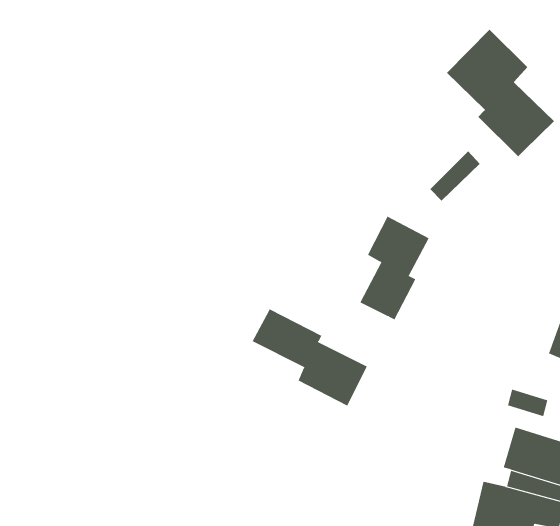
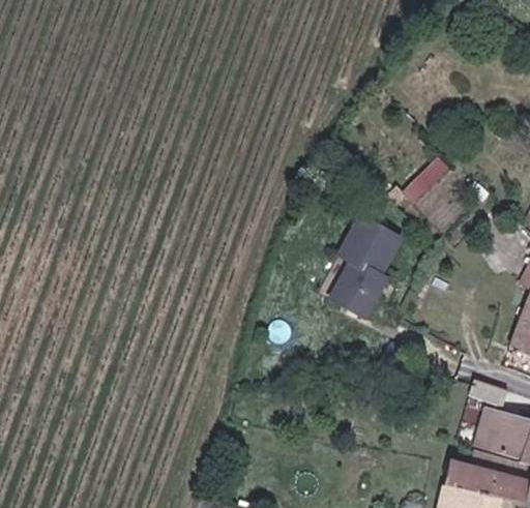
building: [446,29,555,157] -> none
building: [252,309,368,406] -> none

